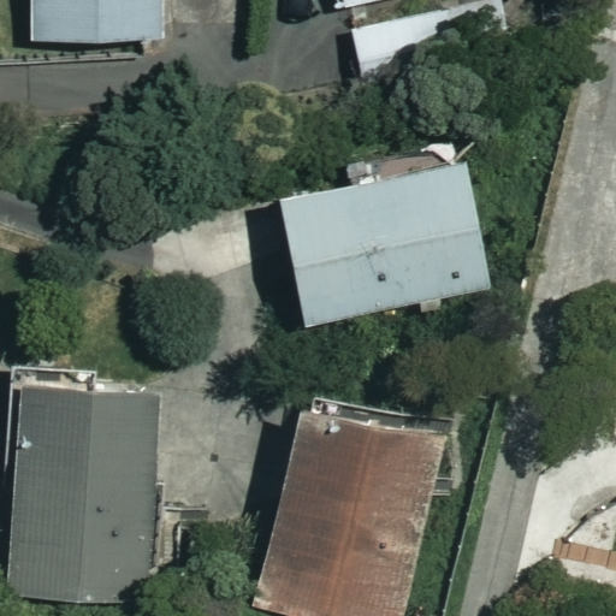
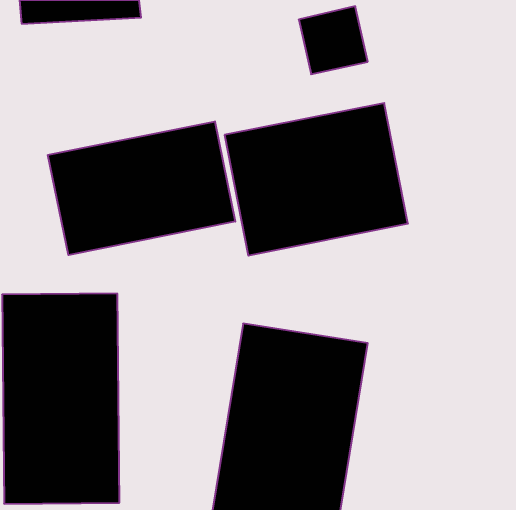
building: none -> [48,121,235,255]

